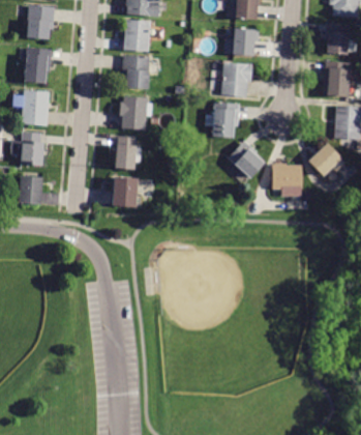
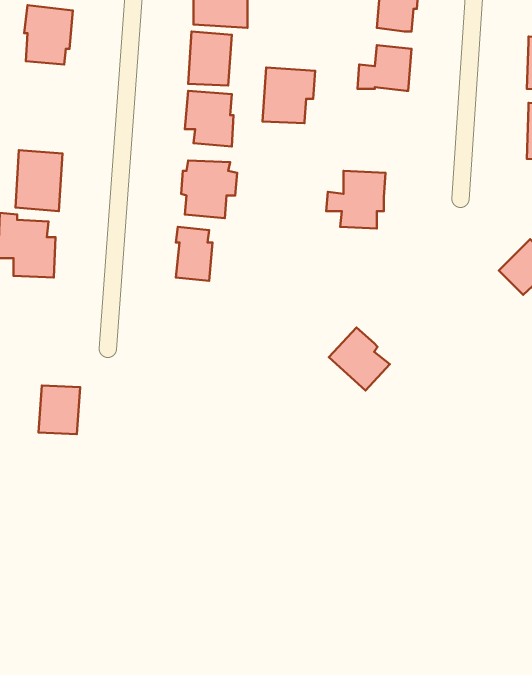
building: [24,48,52,84] -> none
building: [221,63,252,96] -> [263,67,315,123]
building: [228,141,264,178] -> [329,328,390,390]
building: [272,164,301,191] -> none
building: [18,176,42,205] -> [38,385,80,434]
building: [112,178,137,207] -> none

